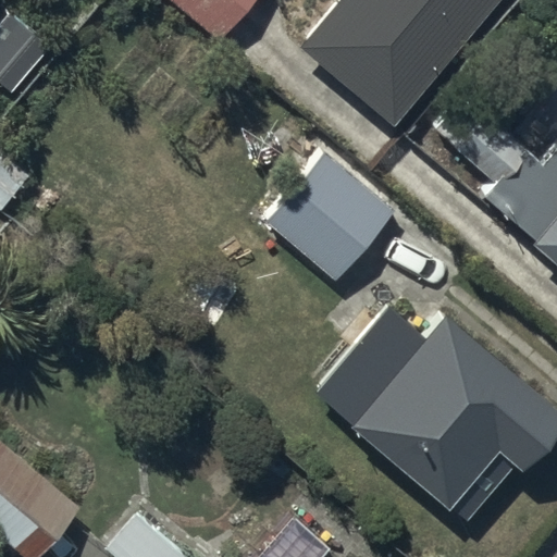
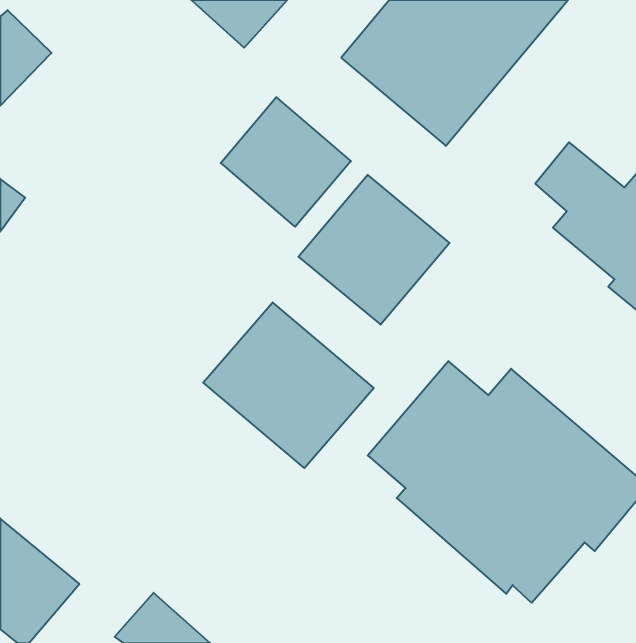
building: none -> [221,97,351,227]
building: none -> [203,302,374,468]

